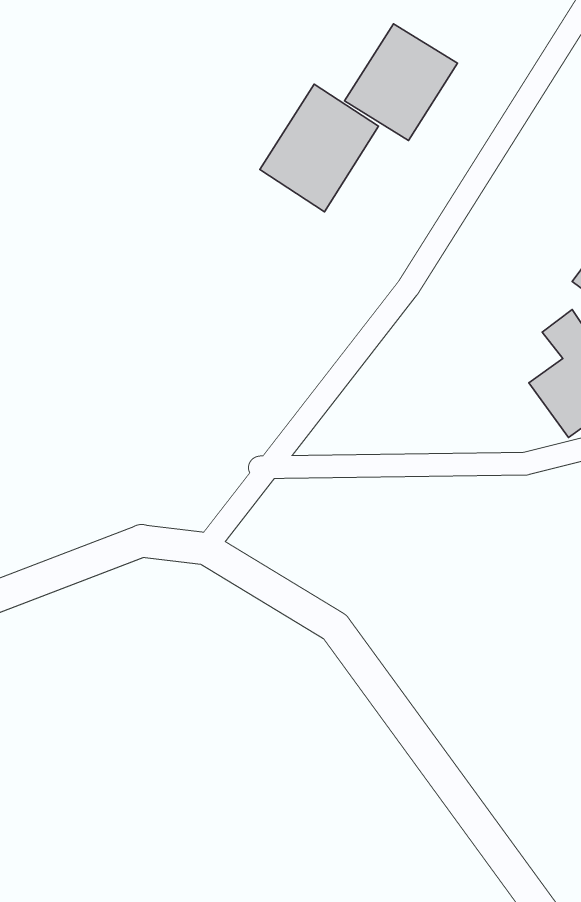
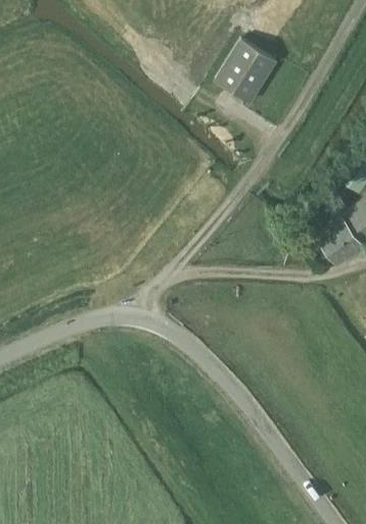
building: [260,84,379,212] -> none

